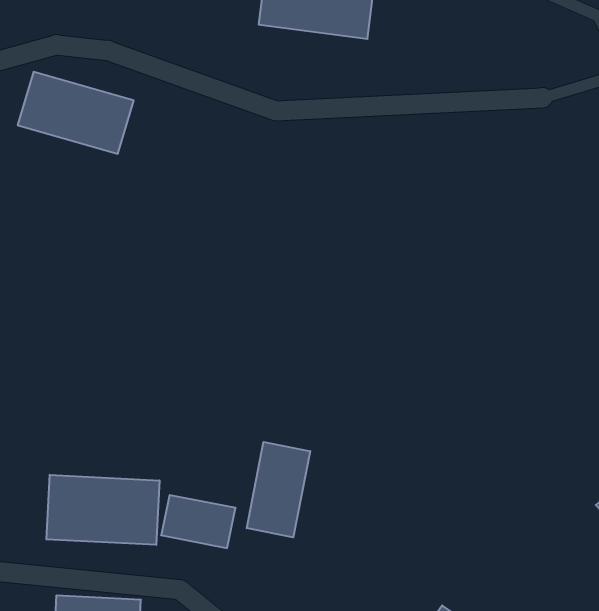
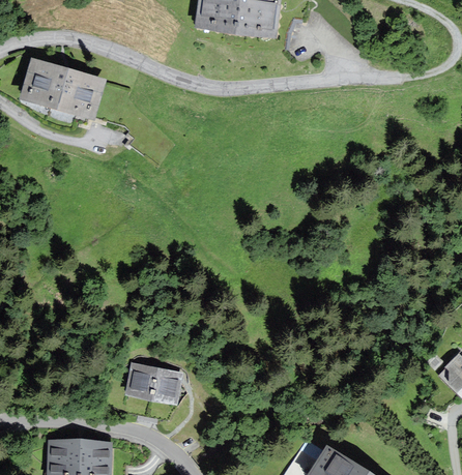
building: [247,442,310,537] -> none
building: [46,475,160,545] -> none

